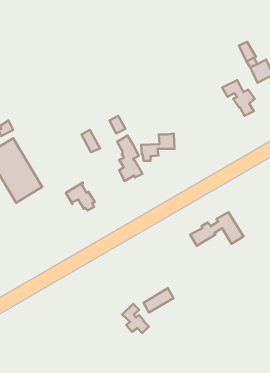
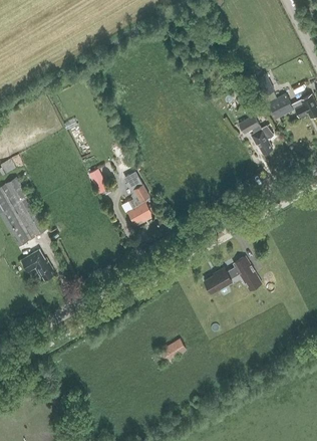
building: [141,134,175,161] -> none
building: [66,183,95,211] -> [22,249,53,279]
building: [122,304,149,333] -> none

